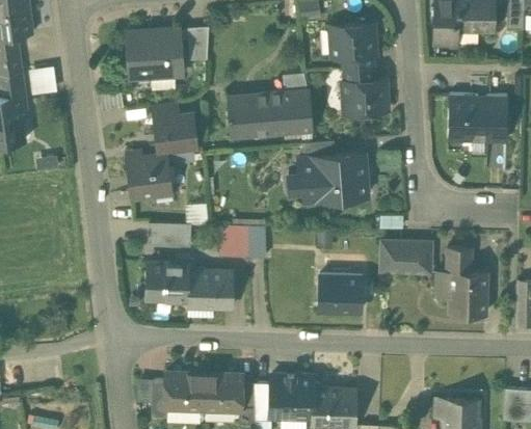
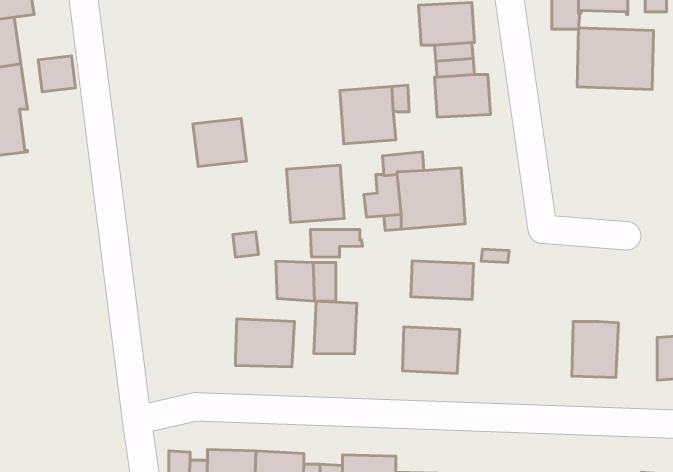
building: [188,27,208,60] -> none
building: [126,28,184,78] -> none
building: [228,92,272,137] -> [287,165,344,223]
building: [448,96,507,143] -> [577,28,653,89]
building: [126,154,172,197] -> none
building: none -> [310,229,363,257]
building: [148,223,191,243] -> none
building: [381,243,430,273] -> [411,261,473,300]
building: [447,249,471,273] -> none
building: none -> [314,301,357,354]
building: [147,263,189,300] -> none

